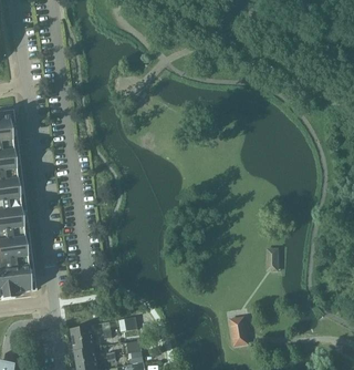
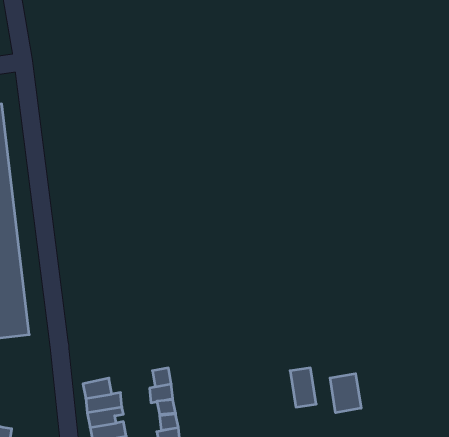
building: none -> [330,374,361,413]

